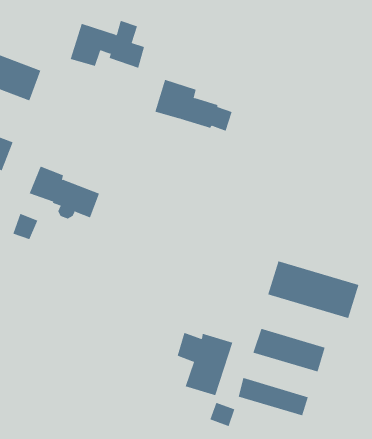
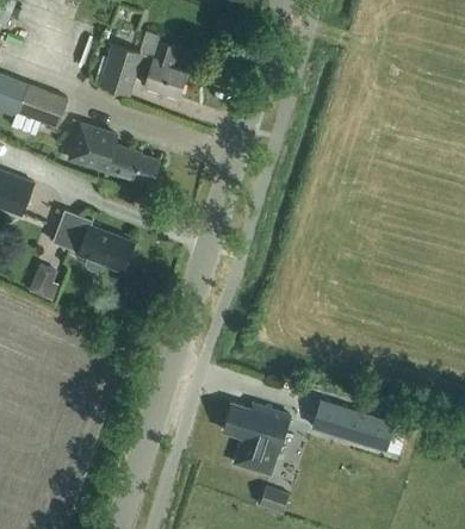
building: [154,79,232,131] -> [68,123,159,183]
building: [268,260,359,319] -> none
building: [238,377,308,416] -> none

